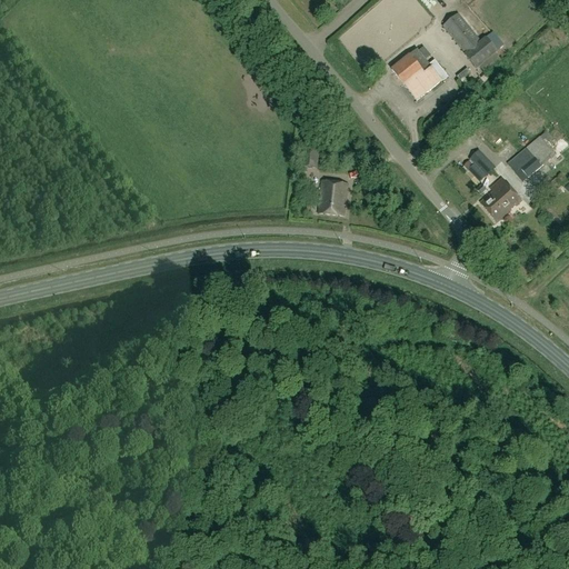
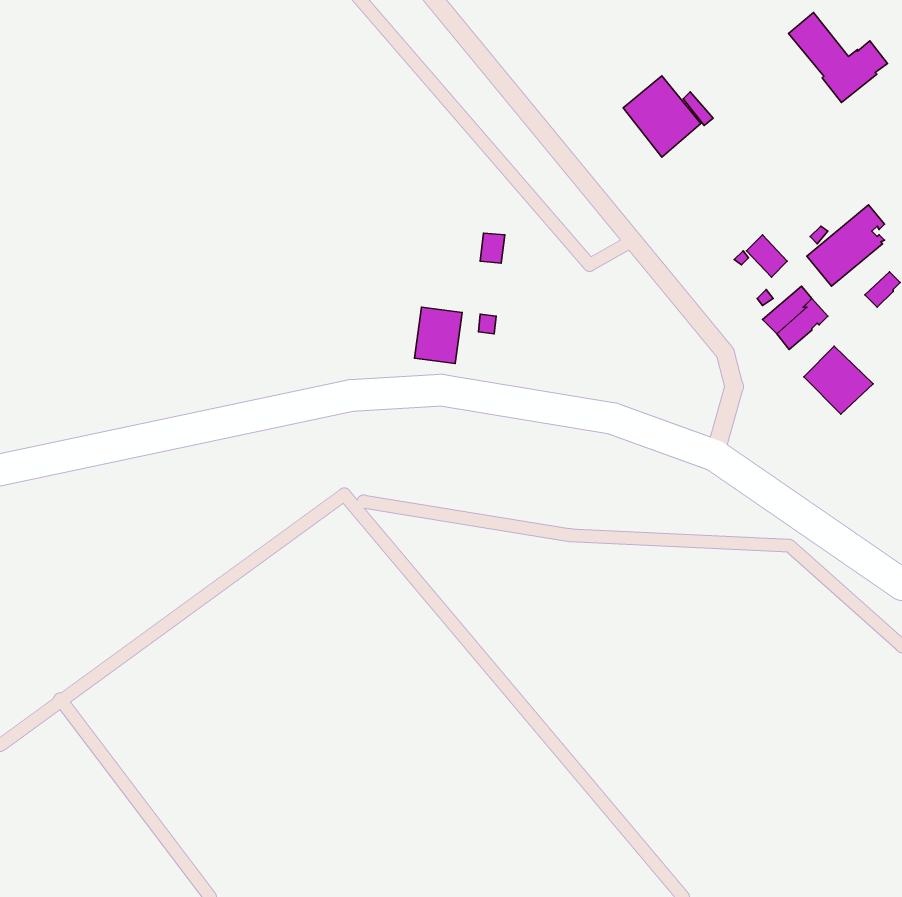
building: [442,11,505,68] -> [789,12,887,103]
building: [318,179,348,214] -> [415,307,462,364]
building: none -> [804,346,873,414]

